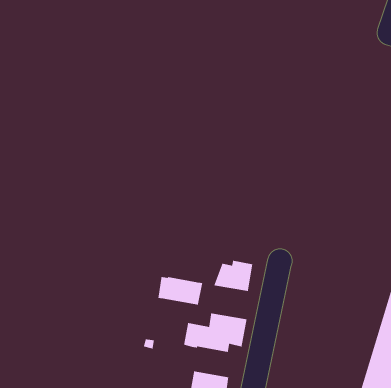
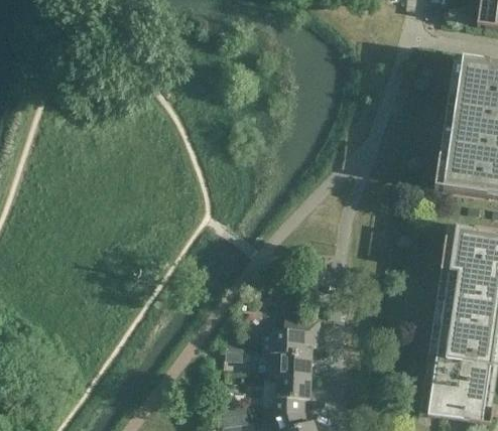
building: [213,260,253,292] -> none
building: [157,276,203,306] -> [270,351,310,375]

